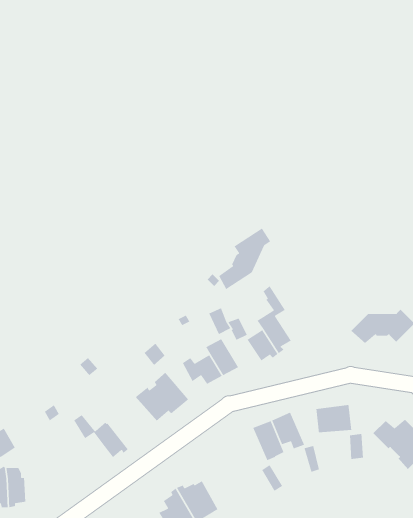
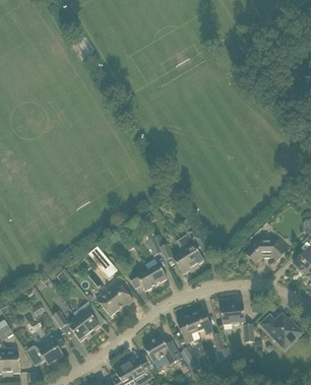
building: [218,228,271,290] -> none
building: none -> [76,303,100,335]
building: none -> [25,334,65,366]
building: none -> [143,336,182,368]

